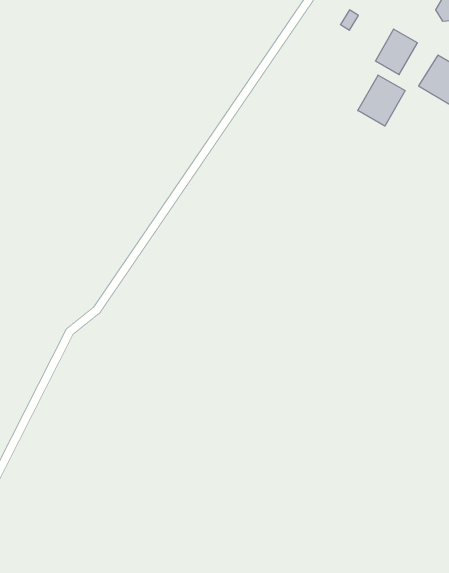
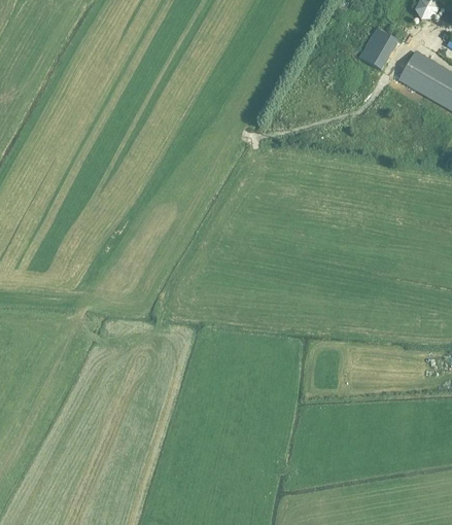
building: [358,75,405,126] -> none

